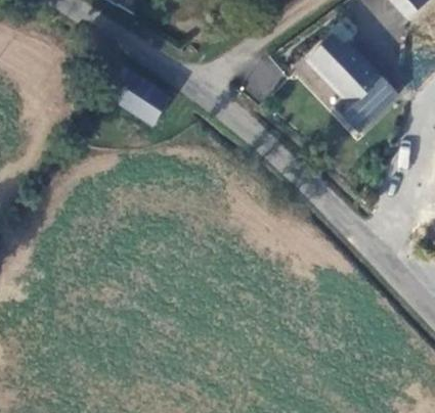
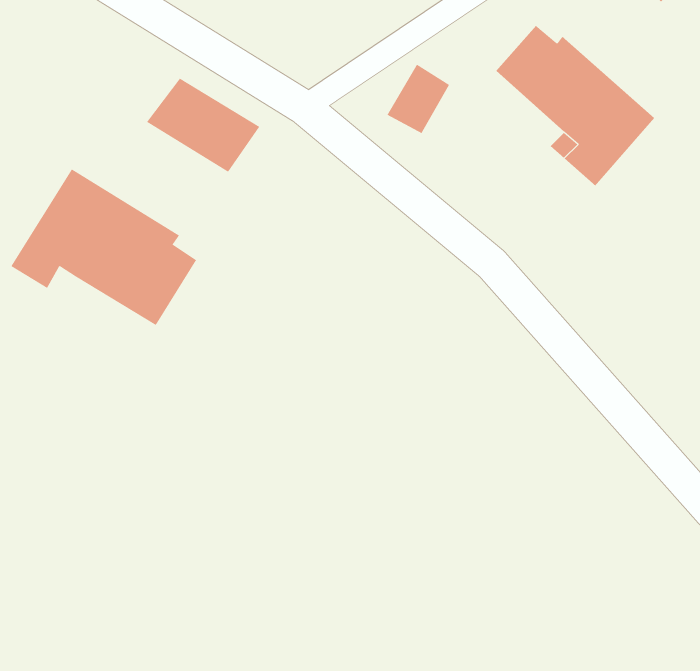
building: none -> [10,168,197,326]

